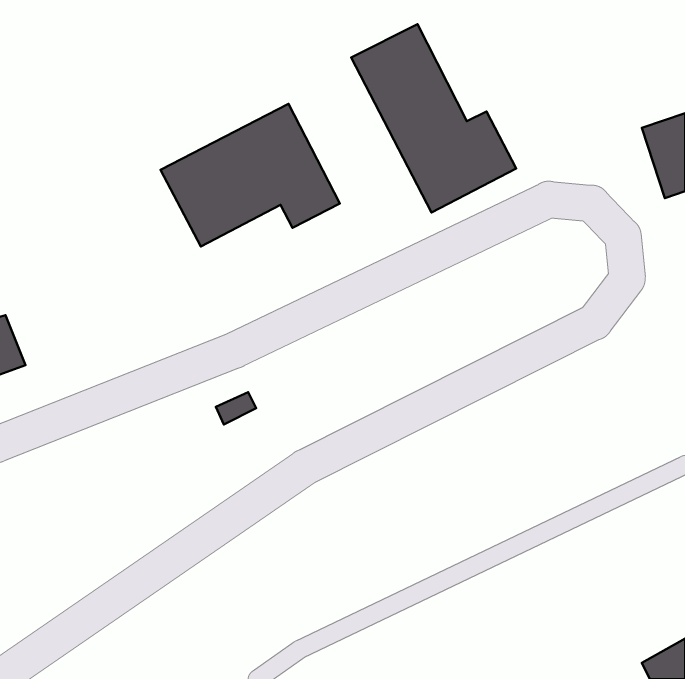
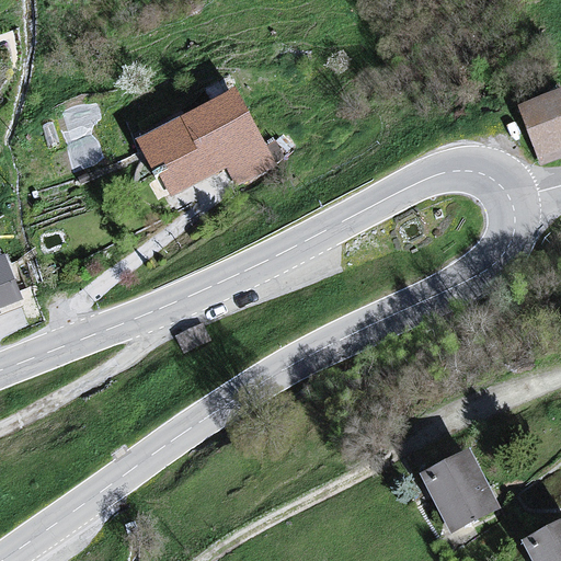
building: [351,24,516,212] -> none
building: none -> [423,453,502,535]

